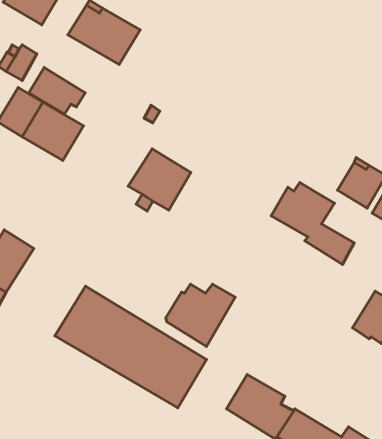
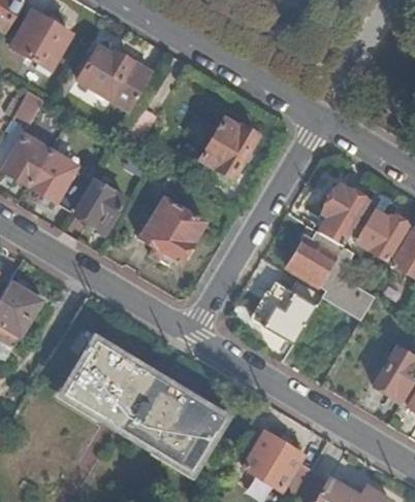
building: [29,67,85,114] -> none
building: none -> [196,118,256,177]
building: none -> [75,180,125,227]
building: none -> [318,182,368,246]
building: [166,284,235,347] -> [251,279,323,344]

